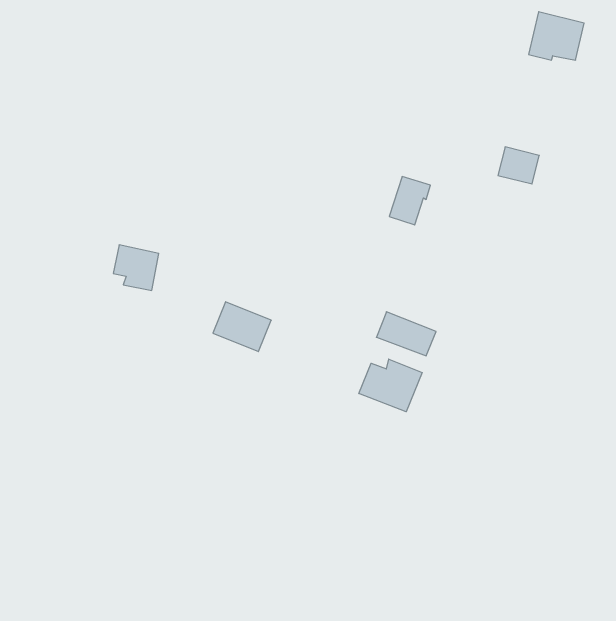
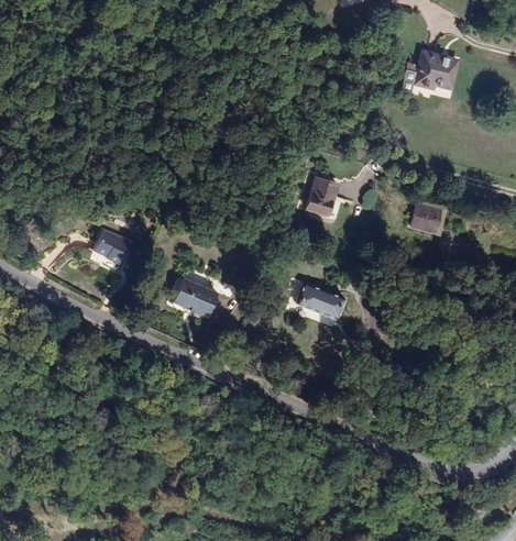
building: [498,147,539,184] -> [410,205,442,233]
building: [359,359,422,412] -> none

